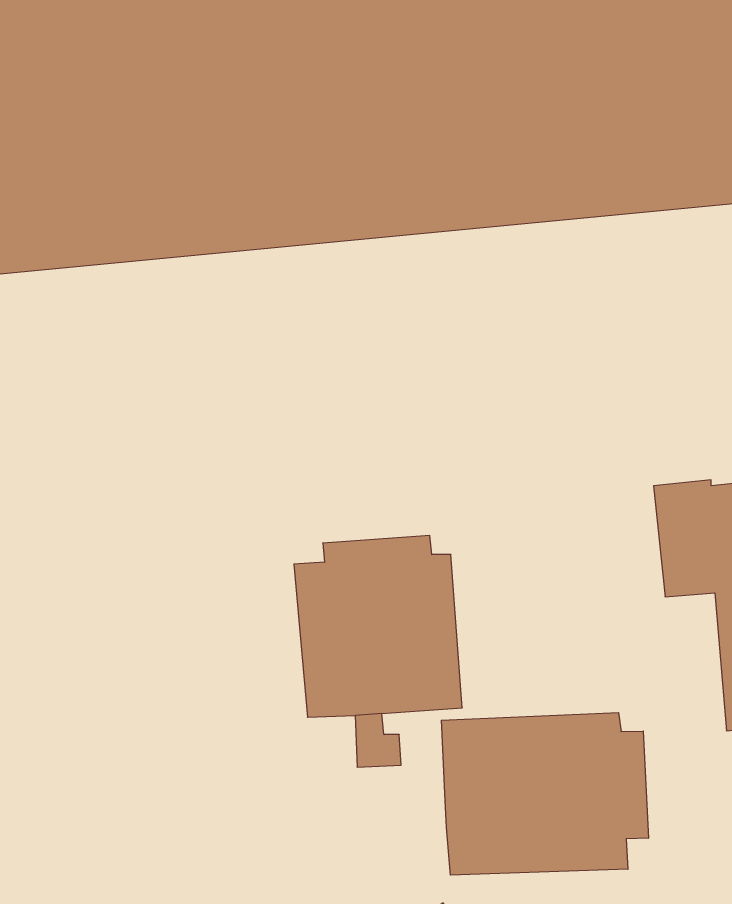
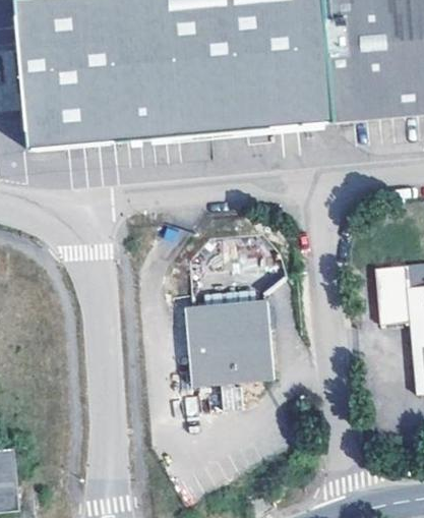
building: [441,713,648,875] -> none

